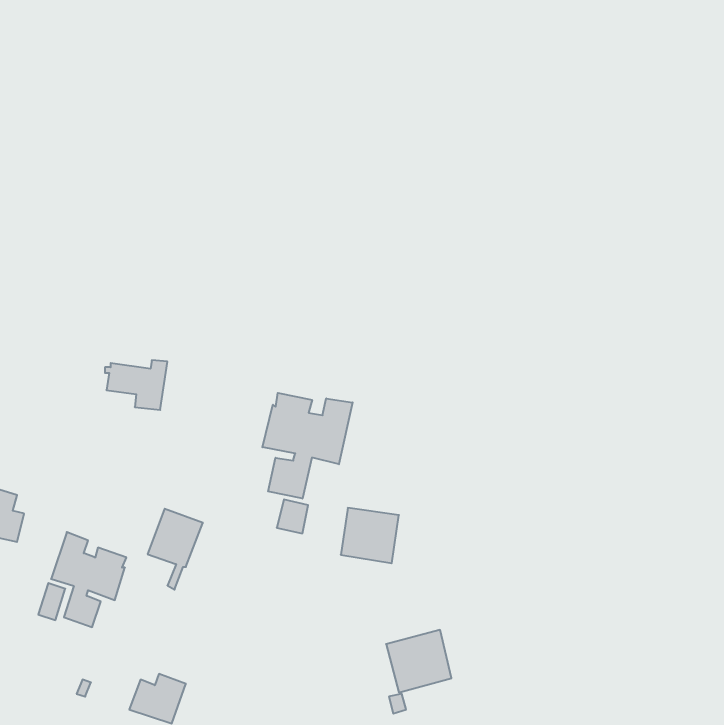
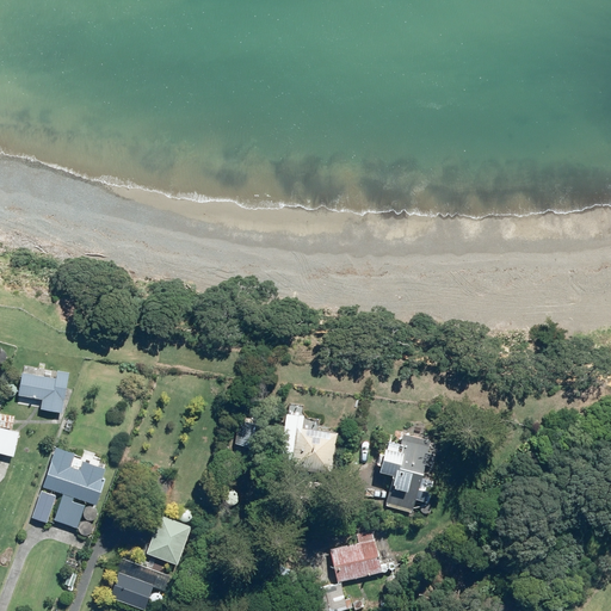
building: [105,360,167,410] -> [17,370,69,412]
building: [262,393,353,499] -> none
building: [148,509,203,590] -> [146,514,192,582]
building: none -> [376,434,432,512]

